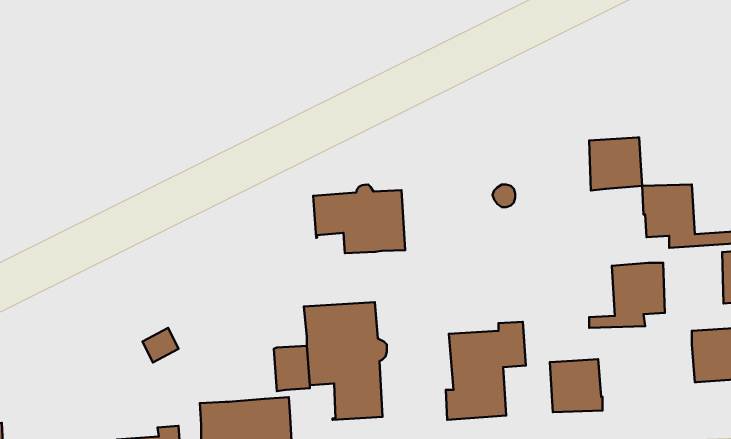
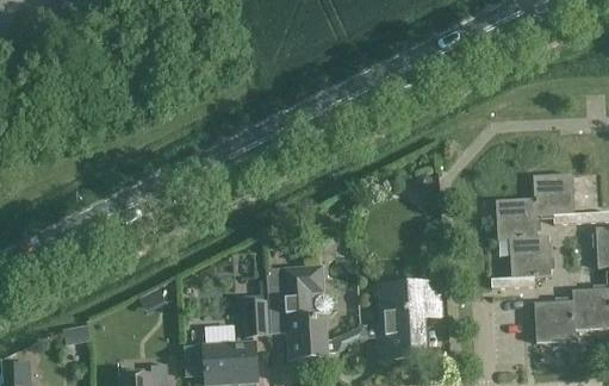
building: [589,138,642,190] -> [496,197,537,238]
building: [313,184,405,253] -> none
building: [550,359,603,412] -> [534,299,576,341]

